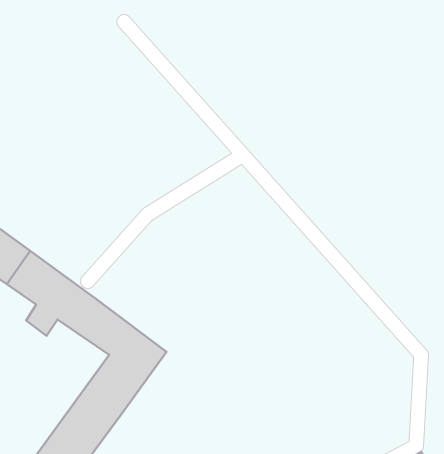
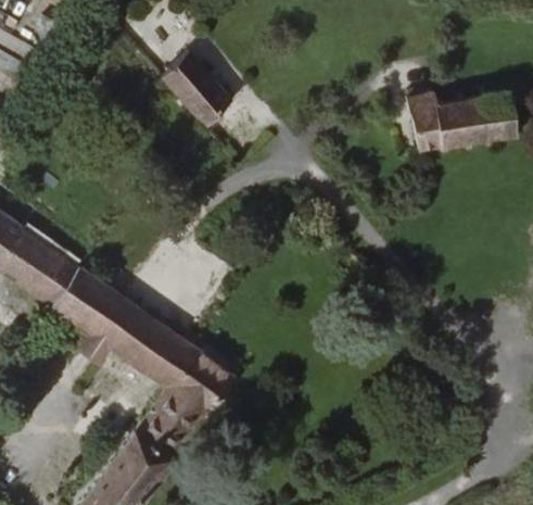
building: none -> [162,55,234,129]
building: none -> [402,93,515,155]

